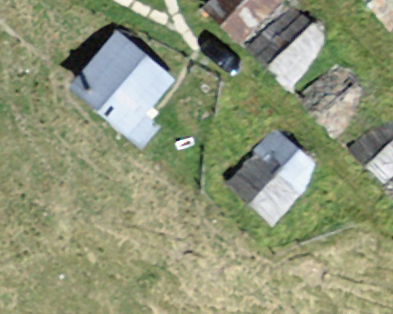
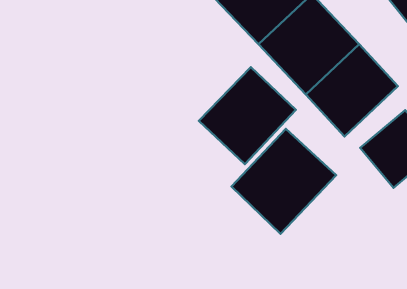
building: [65,28,175,139] -> none
building: none -> [199,67,296,164]

